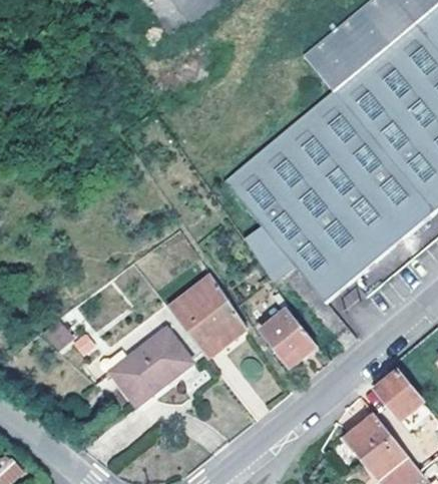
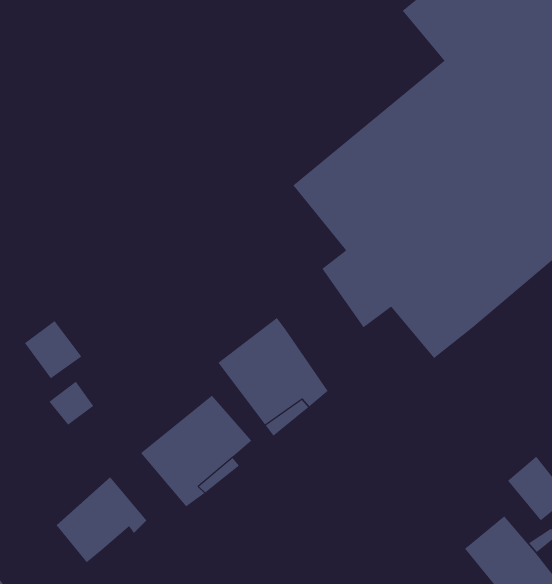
building: none -> [24,320,82,379]
building: [262,312,317,367] -> none
building: none -> [56,477,147,563]

